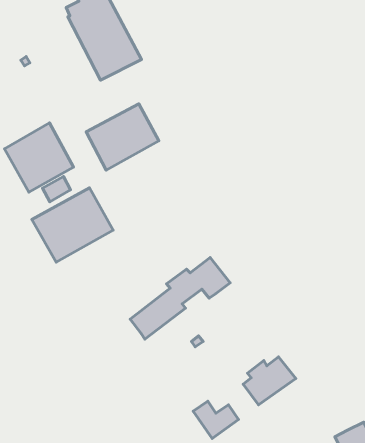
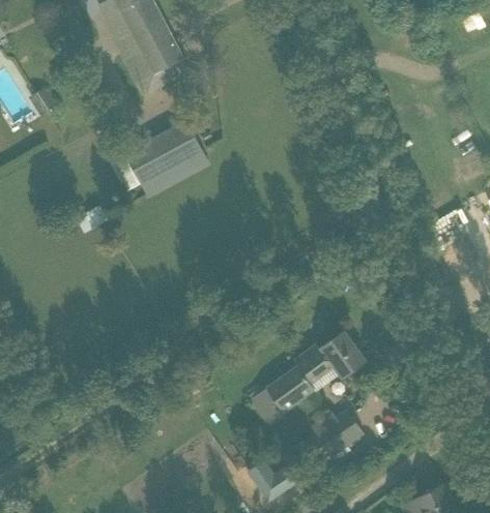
building: [4,123,73,192] -> none
building: [32,188,113,262] -> none
building: [130,257,230,339] -> [253,330,367,423]

